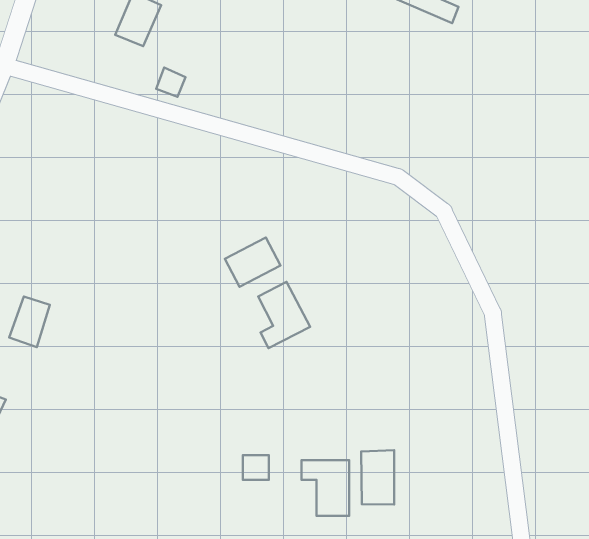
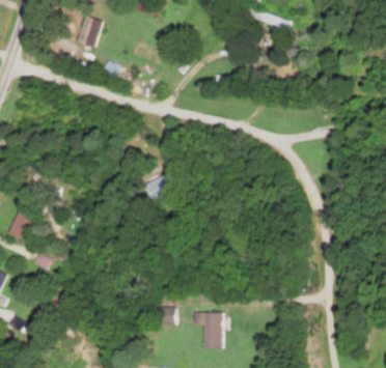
building: [258,282,310,348] -> none
building: [361,450,394,505] -> none

